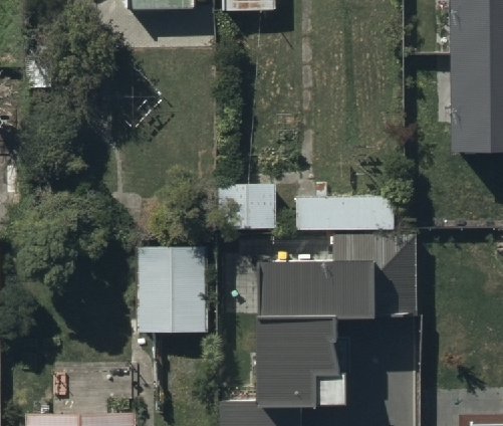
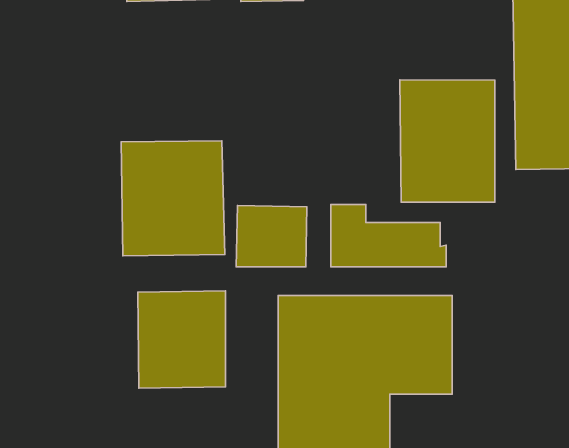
building: none -> [400,80,495,202]
building: none -> [121,141,225,256]

